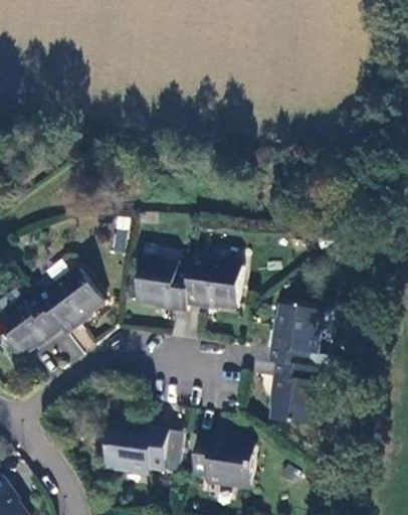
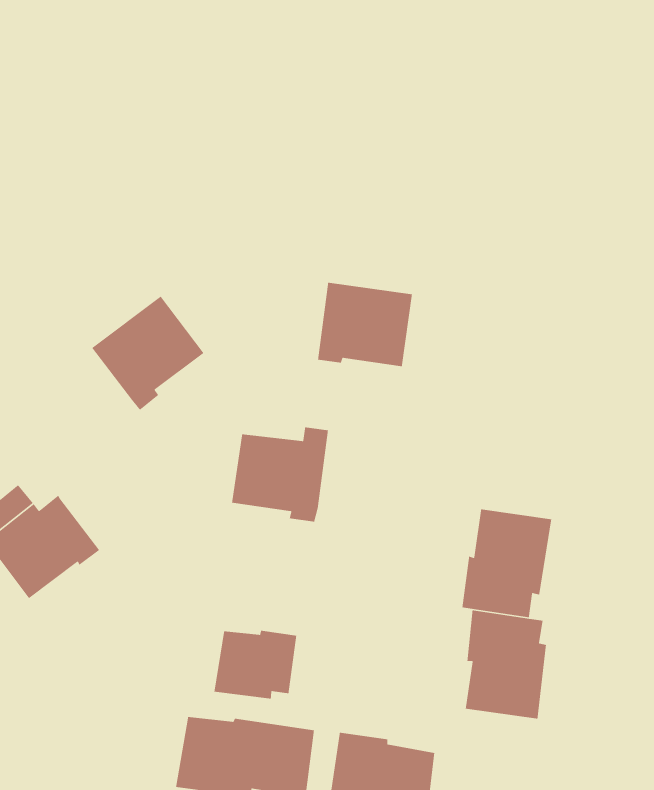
building: [187,260,242,309] -> [317,282,413,367]
building: [38,269,104,335] -> [91,296,204,411]
building: none -> [213,630,297,699]

